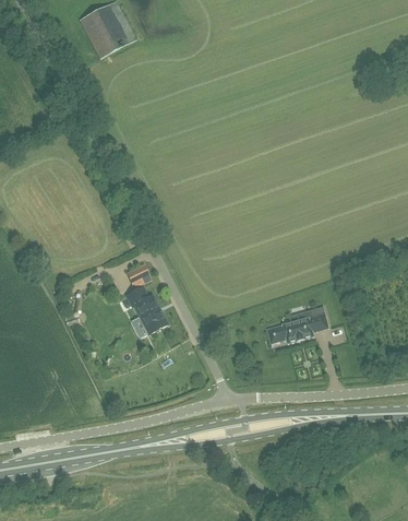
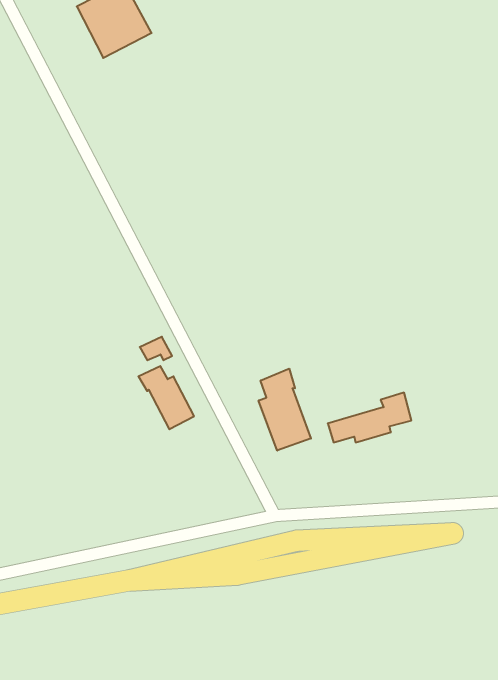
building: none -> [259,369,311,451]

